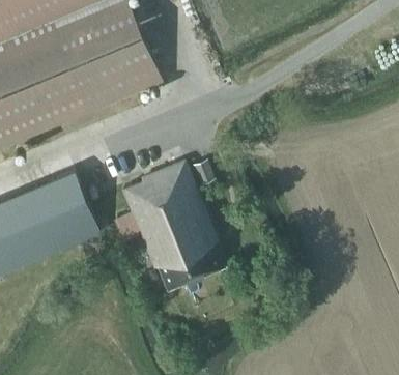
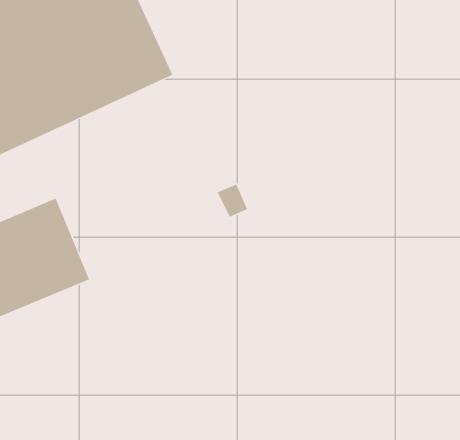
building: [124,160,228,287] -> none

